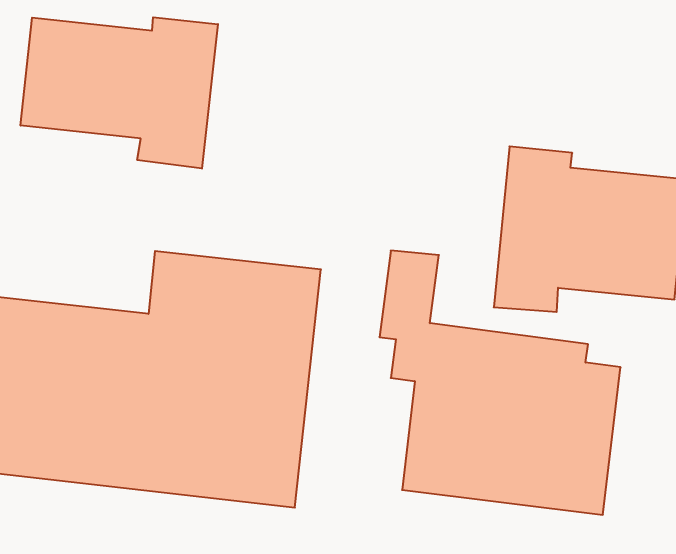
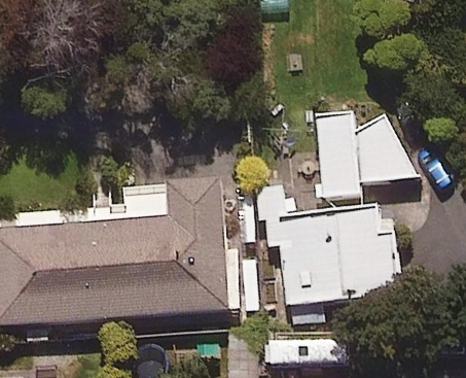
building: [21,17,218,169] -> none

